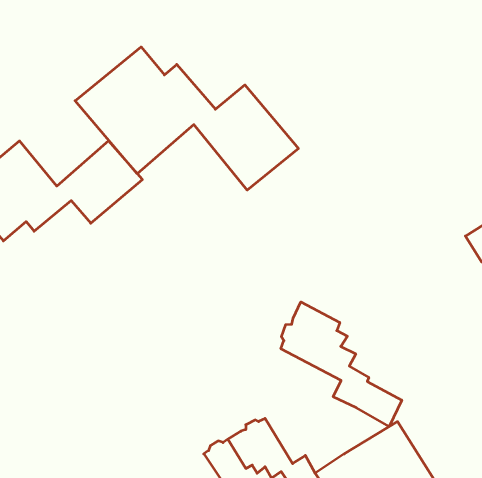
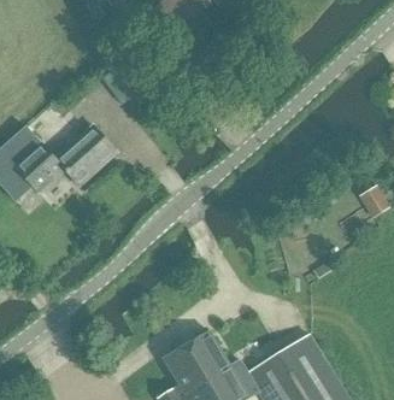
building: [75,47,298,190] -> none
building: [281,302,402,427] -> none

